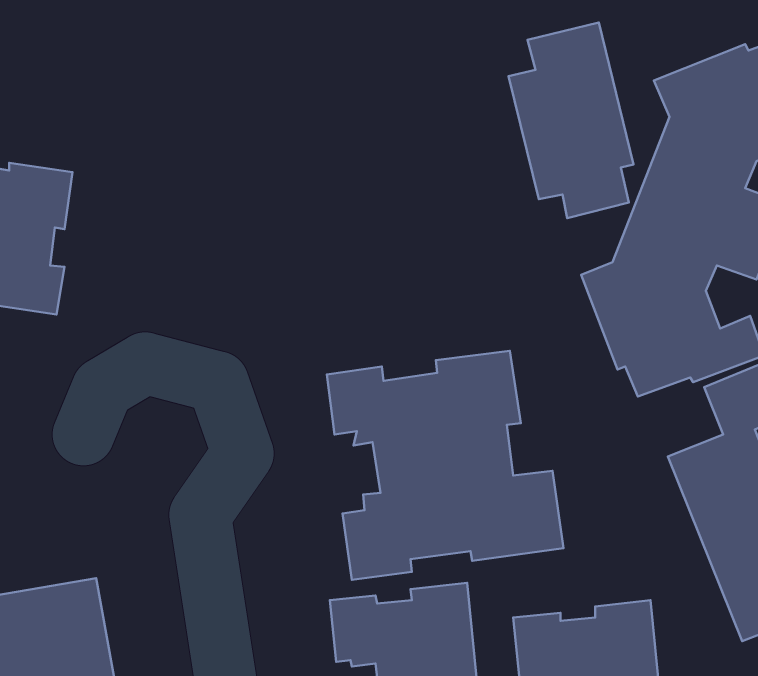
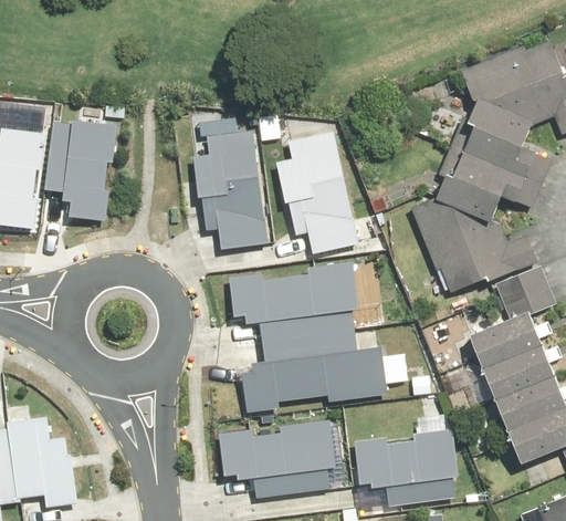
building: [509,22,633,218] -> [272,122,359,259]
building: none -> [51,118,116,220]
building: none -> [189,123,273,258]

